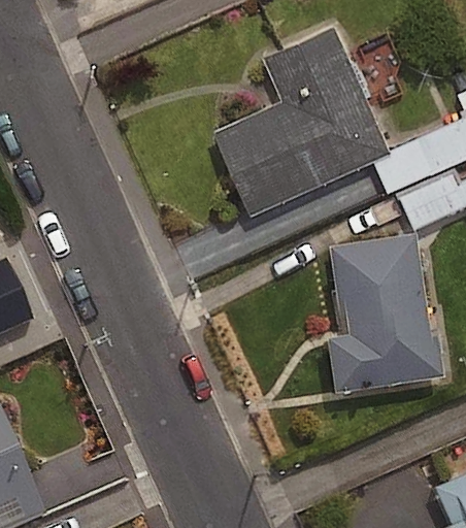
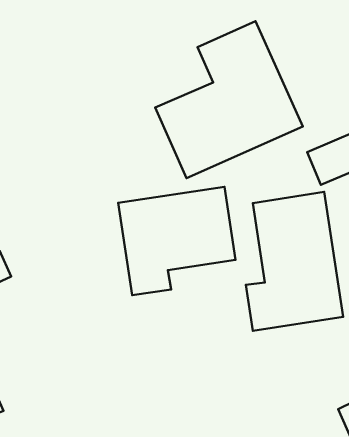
building: none -> [118,187,235,295]

